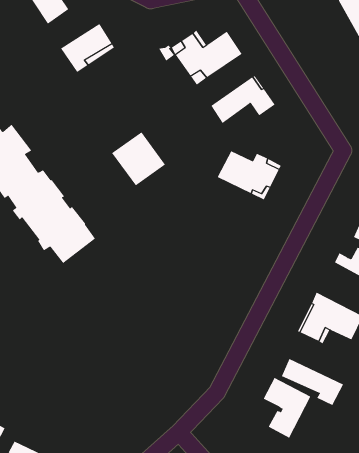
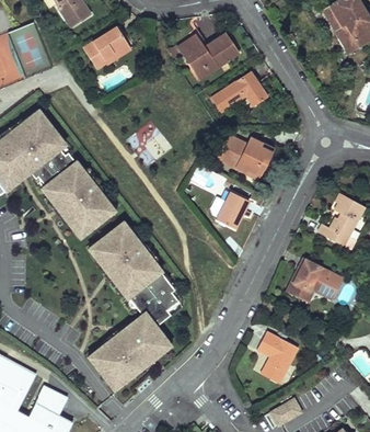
building: none -> [210,191,248,228]
building: none -> [92,223,177,388]
building: [281,358,344,406] -> none

